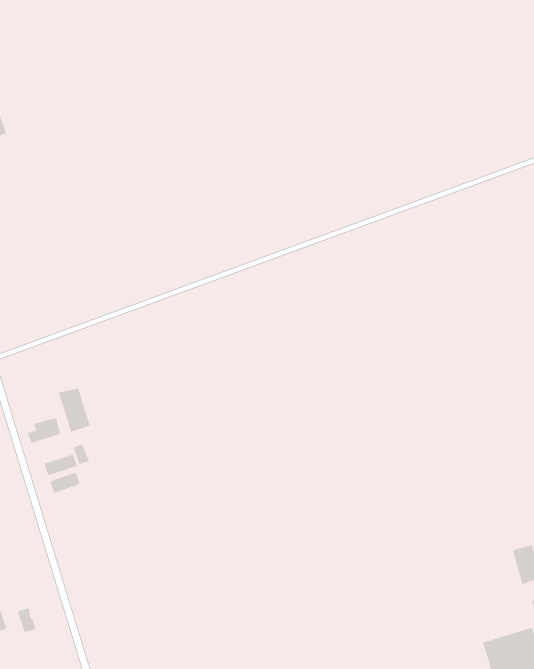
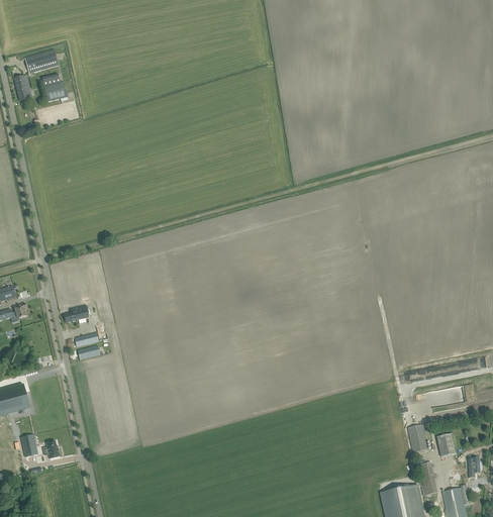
building: [58,387,91,433] -> none

